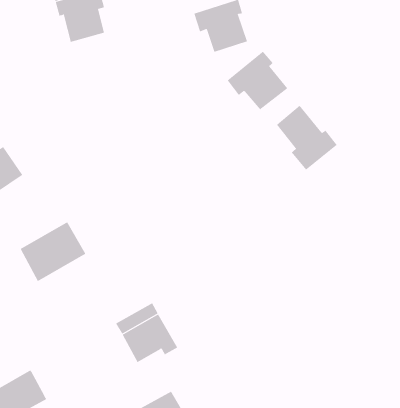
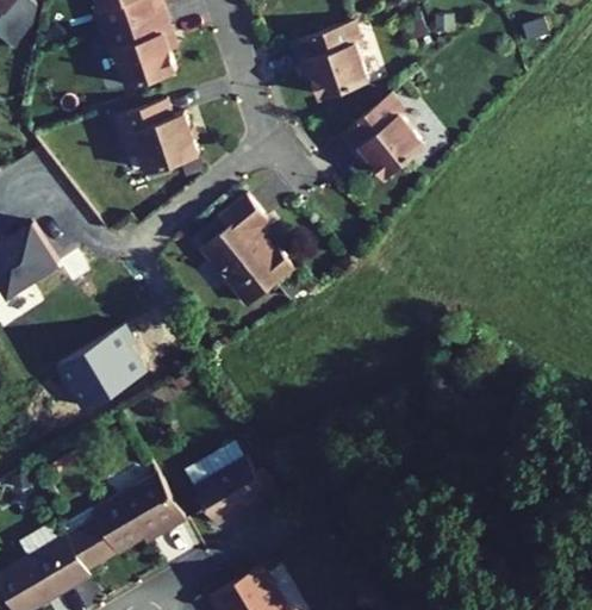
building: none -> [124,94,205,167]
building: [276,105,337,171] -> none
building: none -> [202,194,294,304]
building: none -> [68,478,188,575]

